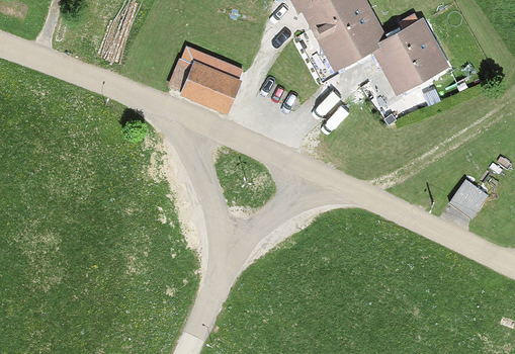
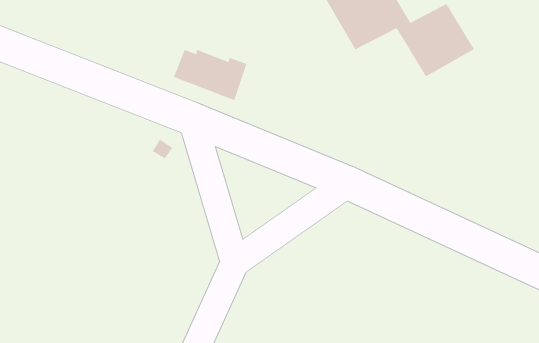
building: [447,182,487,222] -> none

